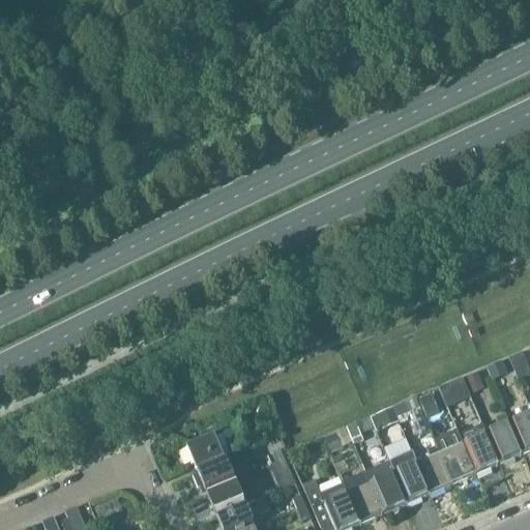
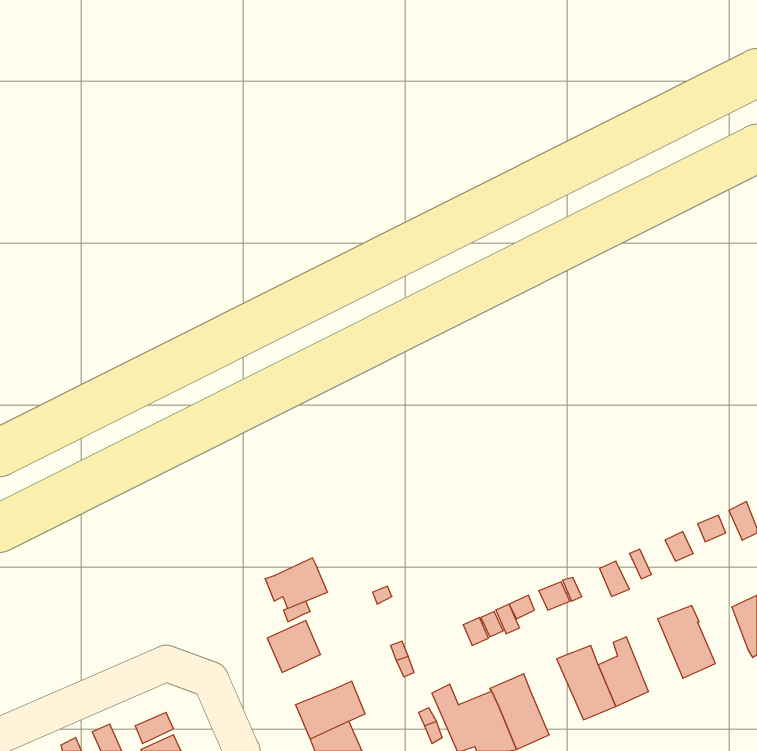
building: [487,412,522,463] -> none
building: [434,428,476,482] -> none
building: [190,457,234,492] -> [265,558,327,608]
building: [365,460,407,512] -> none

